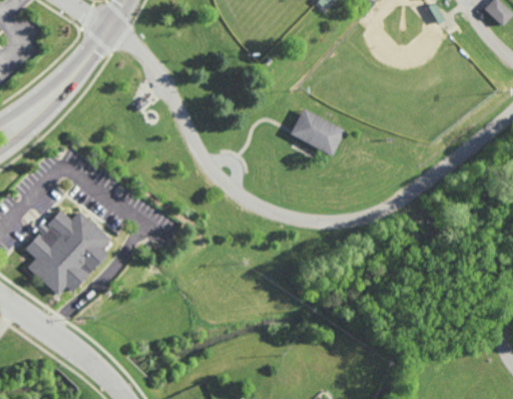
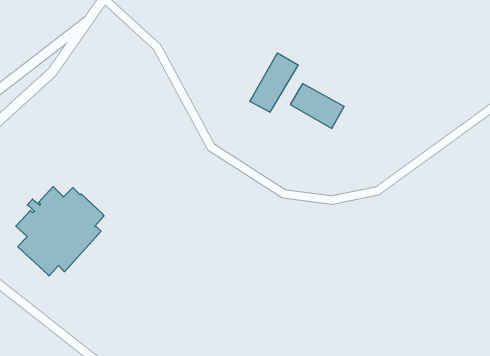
building: none -> [250,53,298,112]

